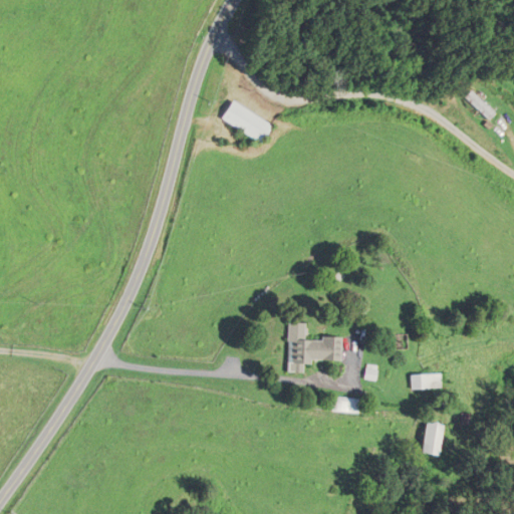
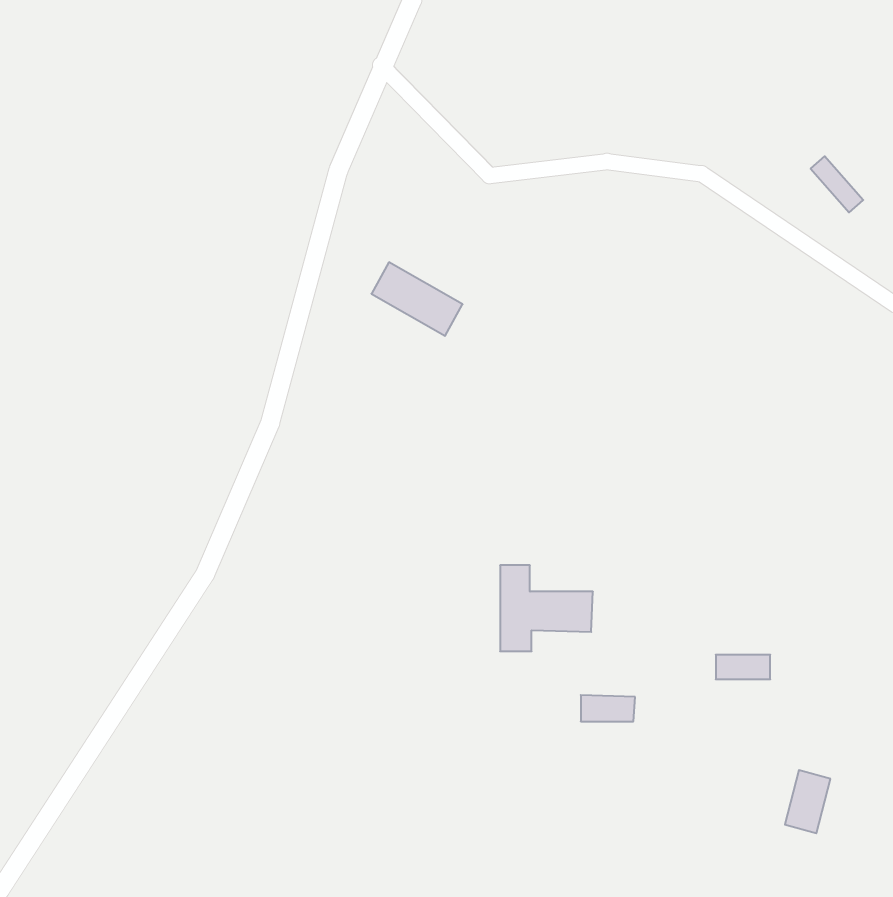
building: [223,101,275,144] -> [371,262,463,336]
building: [419,422,445,458] -> [785,770,830,833]

